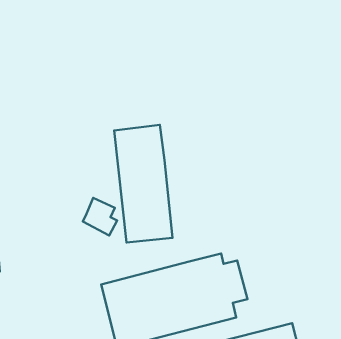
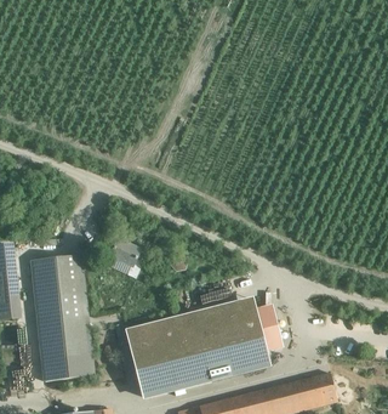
building: [114,125,172,242] -> [32,255,93,380]

